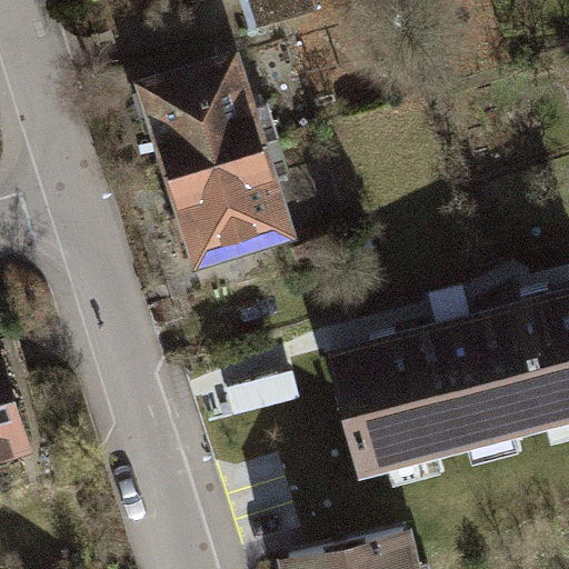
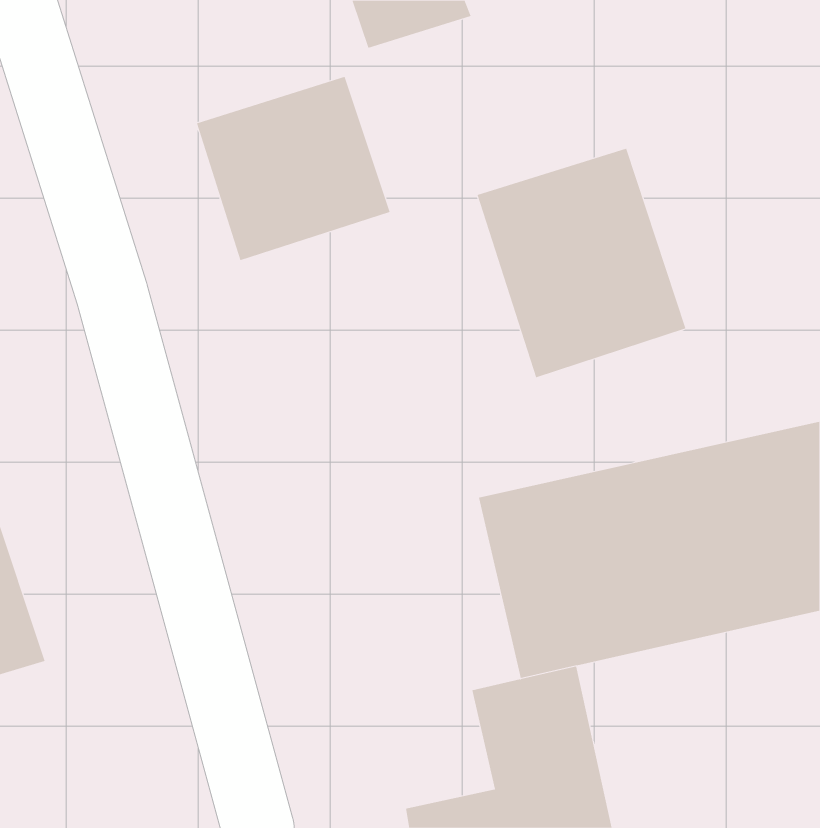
building: none -> [477,148,686,378]
building: [164,146,298,273] -> none

